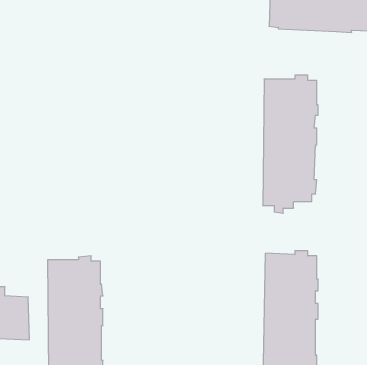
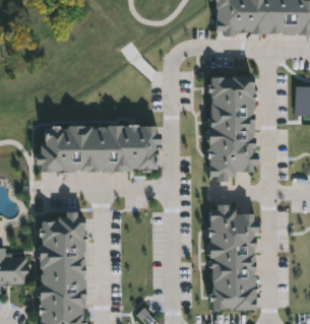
building: none -> [40,125,165,170]

